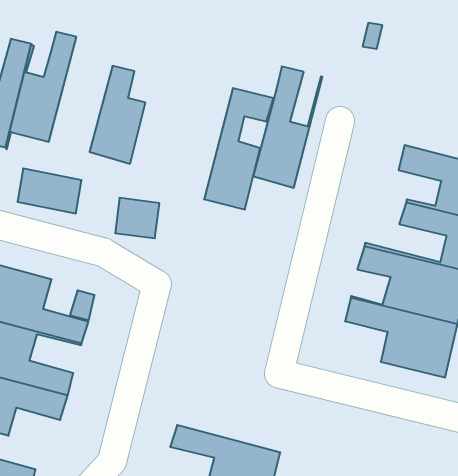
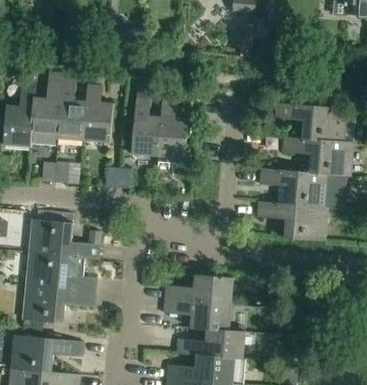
building: none -> [56,71,87,141]
building: [253,66,322,188] -> [132,84,164,158]
building: none -> [165,275,234,306]

